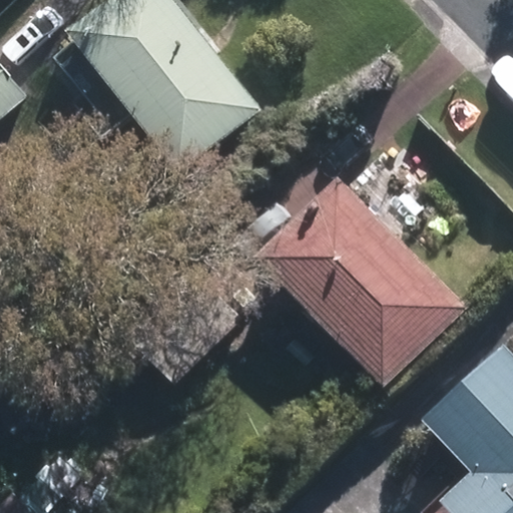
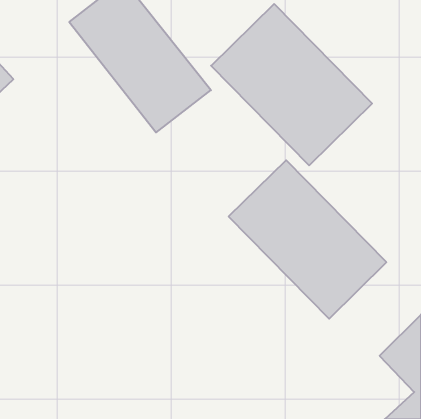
building: none -> [211,4,372,165]

